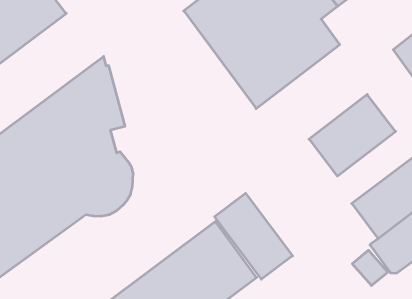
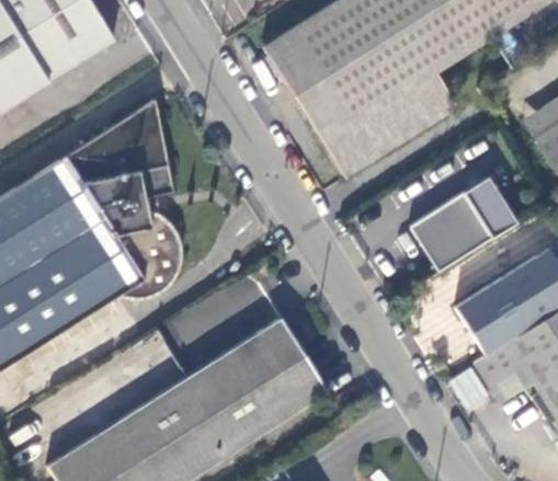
building: [215,193,293,279] -> none

